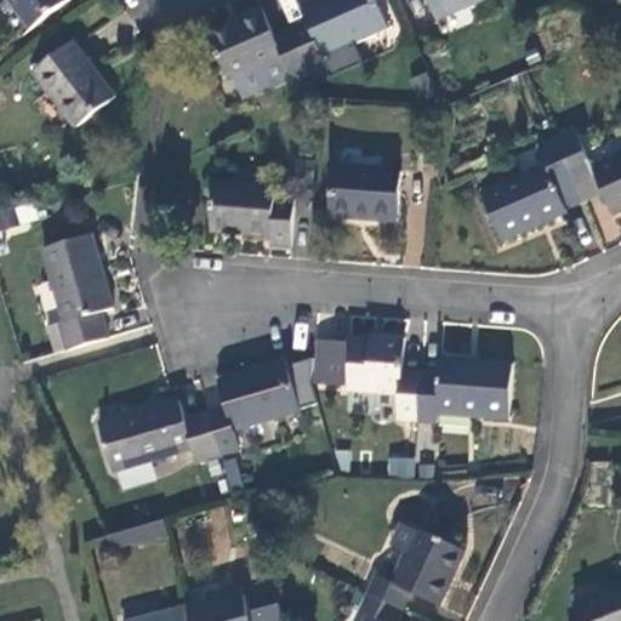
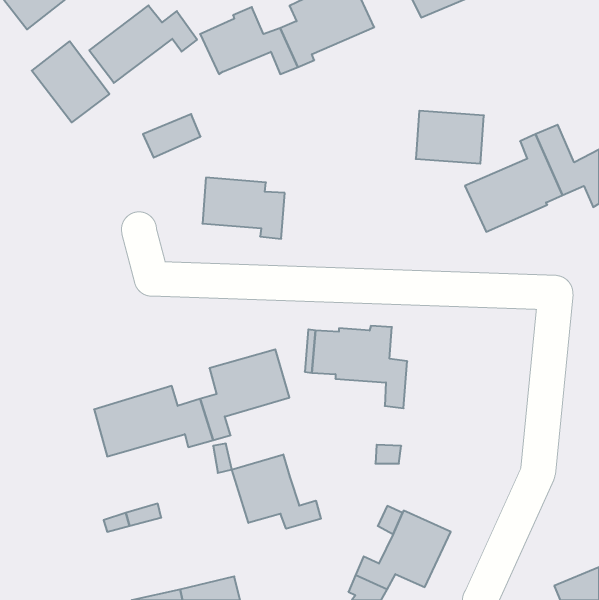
building: none -> [89,5,197,83]
building: [229,53,289,98] -> [143,114,201,158]
building: [329,165,399,220] -> [416,111,484,164]
building: [41,234,112,349] -> none
building: [416,359,512,422] -> none
building: none -> [232,454,321,529]

